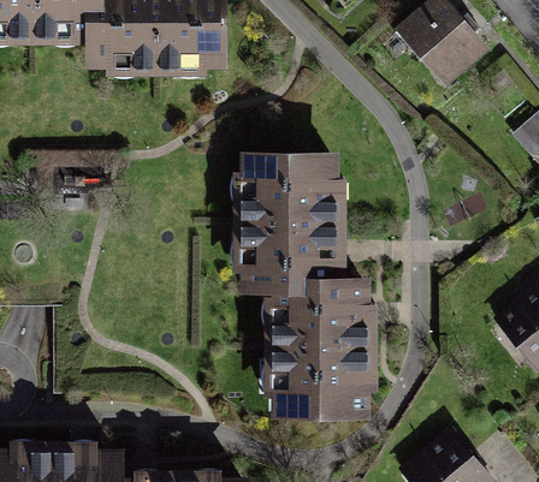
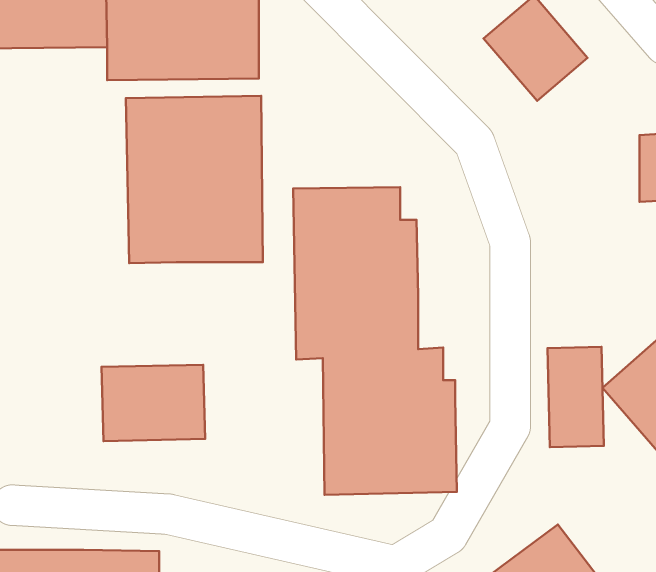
building: none -> [126,96,263,263]
building: none -> [548,347,604,447]
building: none -> [102,365,205,441]

